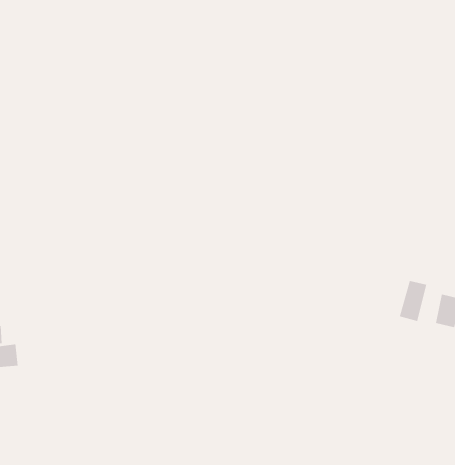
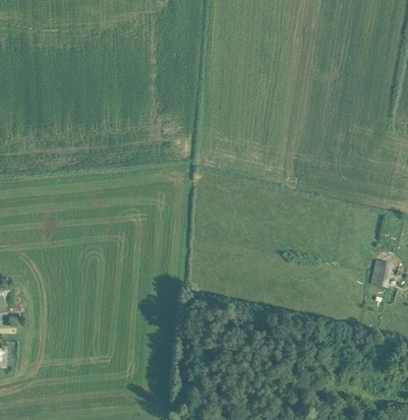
building: [399,280,427,322] -> none

